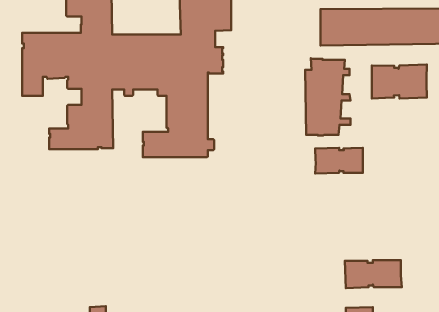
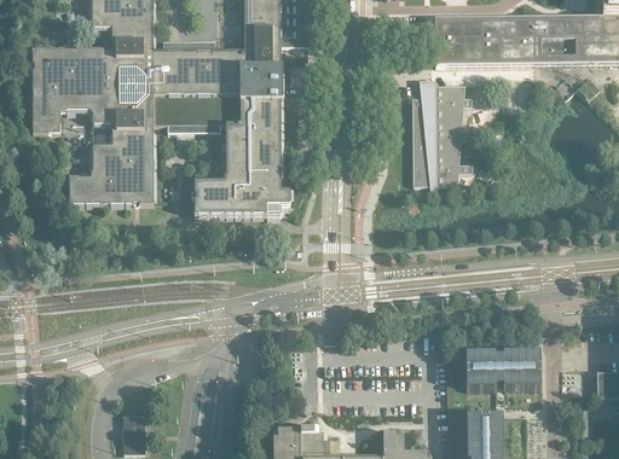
building: [372,65,427,99] -> none
building: [315,148,363,174] -> none

